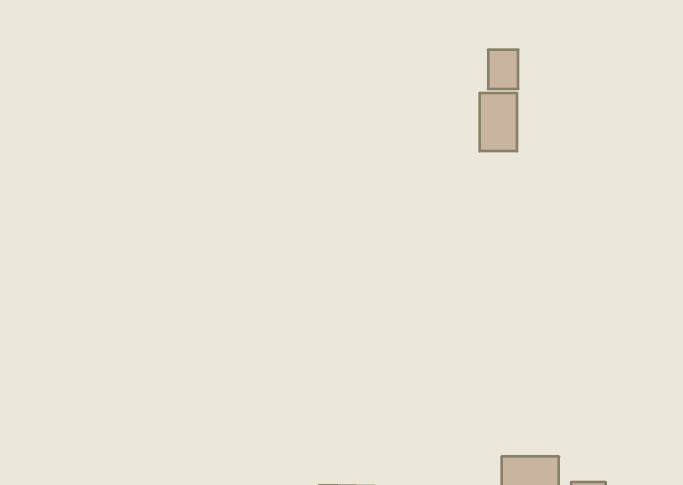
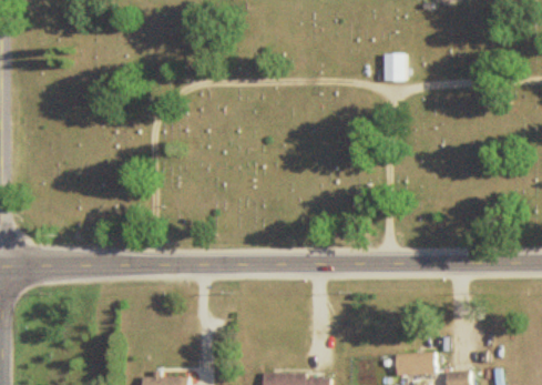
building: [480,93,517,151] -> none

